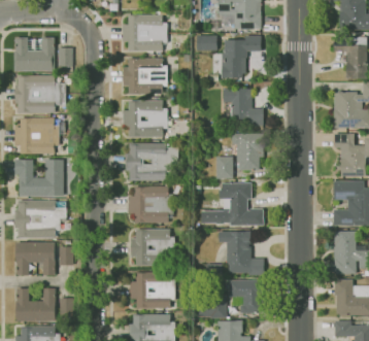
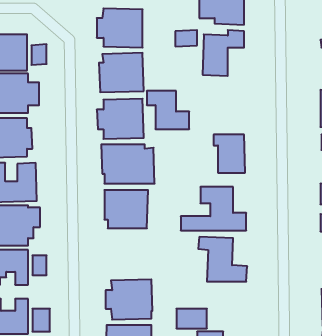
building: [222,88,262,124] -> [147,91,189,129]
building: [214,156,232,178] -> none
building: [129,228,172,264] -> none
building: [227,278,262,312] -> none

